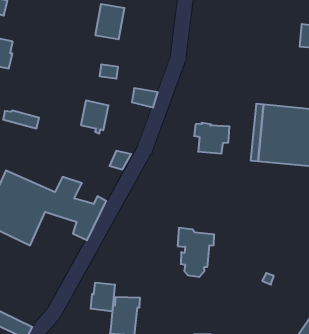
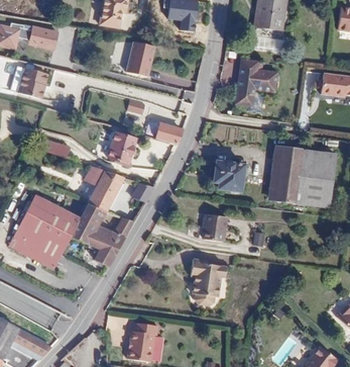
building: none -> [235,59,275,104]
building: none -> [86,165,124,211]
building: none -> [204,213,227,240]
building: [91,283,115,312] -> none

